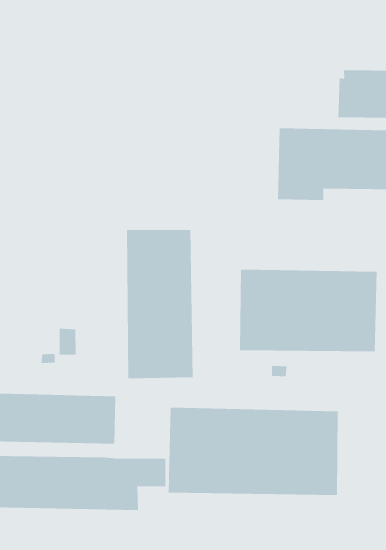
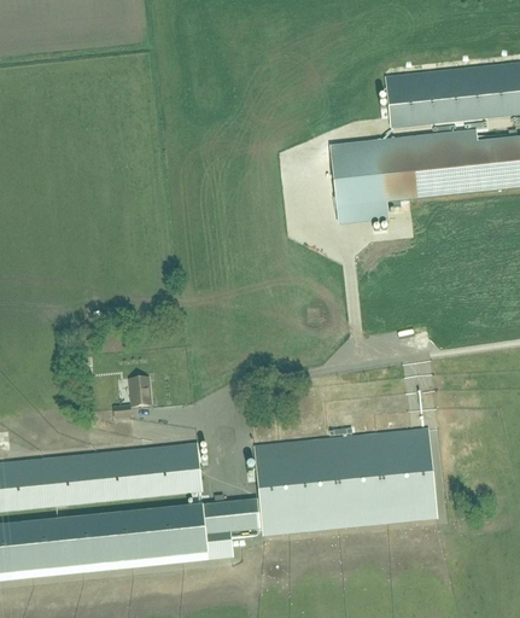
building: [126,229,193,379] -> none
building: [240,269,377,352] -> none

